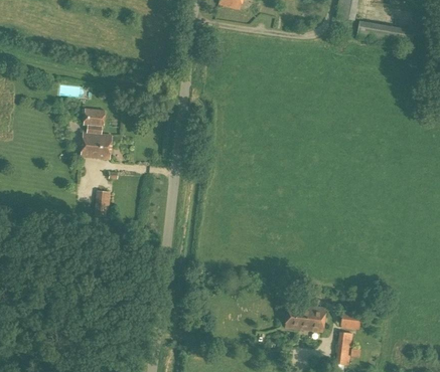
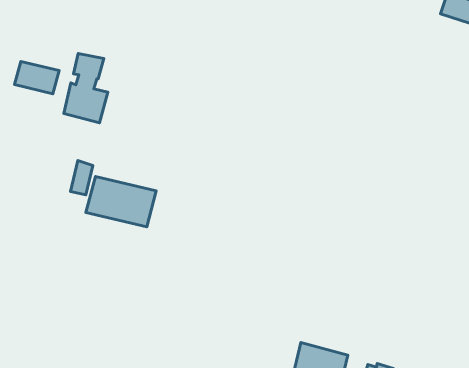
building: none -> [15,61,59,94]
building: none -> [86,177,156,227]

